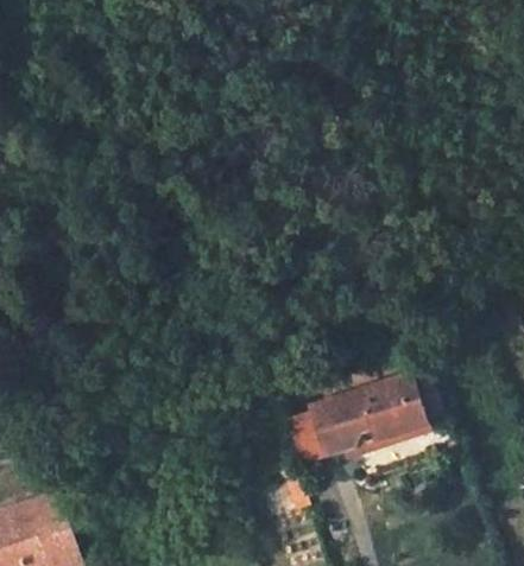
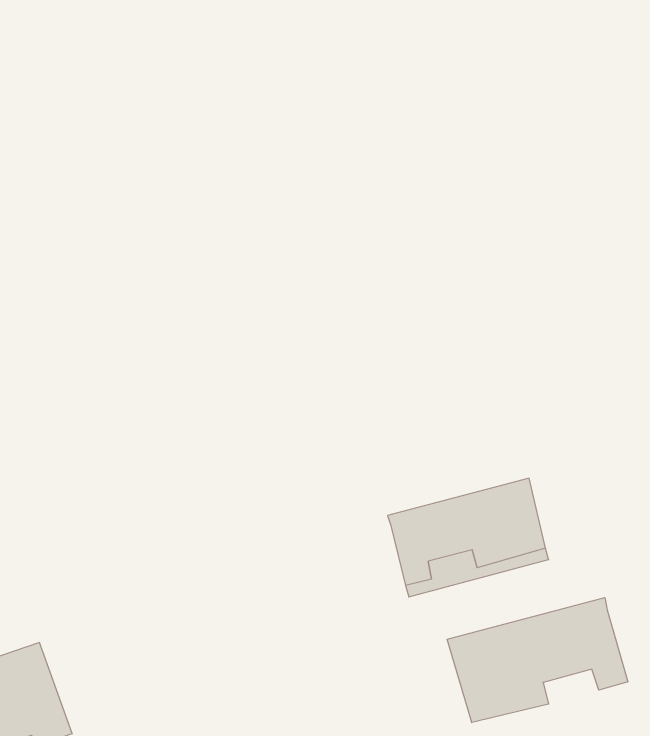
building: [283,408,323,459] -> none
building: none -> [447,598,628,723]

